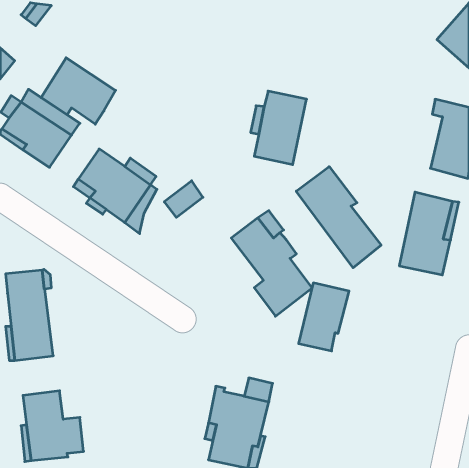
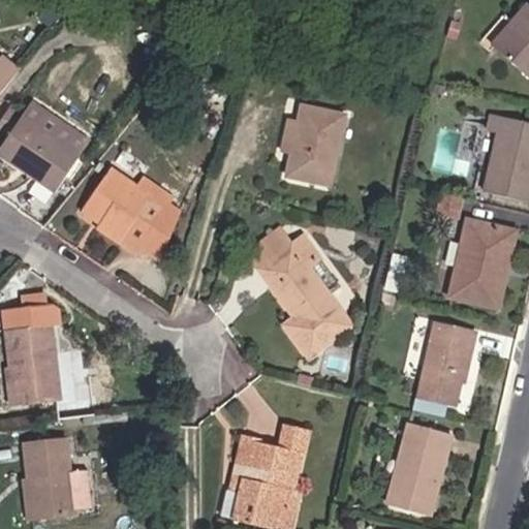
building: [41,58,116,124] -> none
building: [296,167,381,268] -> none
building: [164,181,203,217] -> [247,226,290,268]
building: [299,283,349,351] -> [418,324,475,401]
building: none -> [386,423,452,512]

